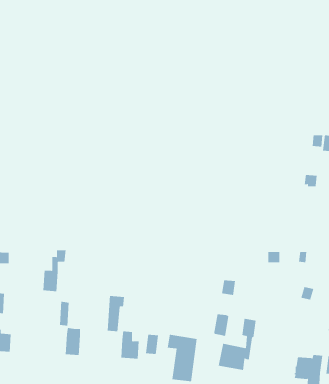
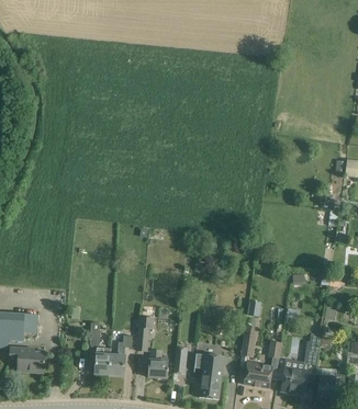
building: [43,250,66,292] -> [110,334,133,375]
building: none -> [281,331,321,394]

